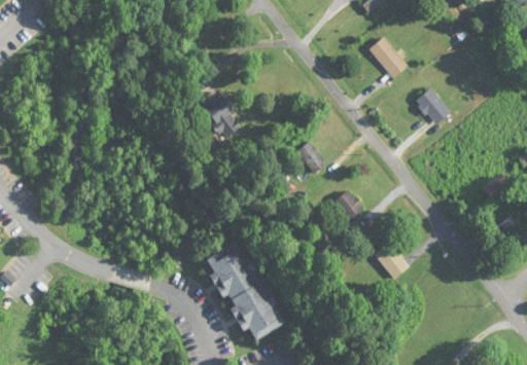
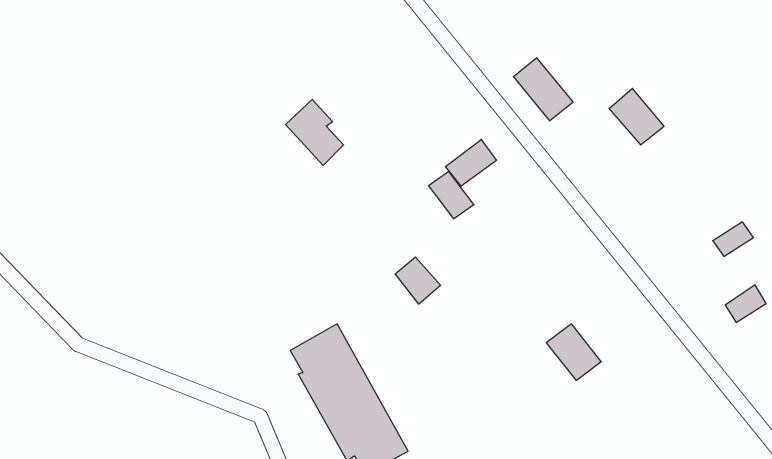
building: [368,37,408,78] -> [513,58,573,121]
building: none -> [446,139,496,186]
building: [335,189,364,220] -> [395,257,441,304]

